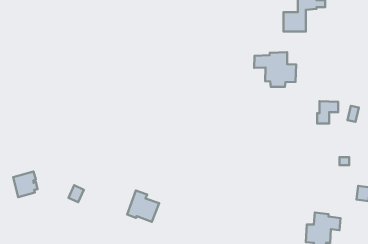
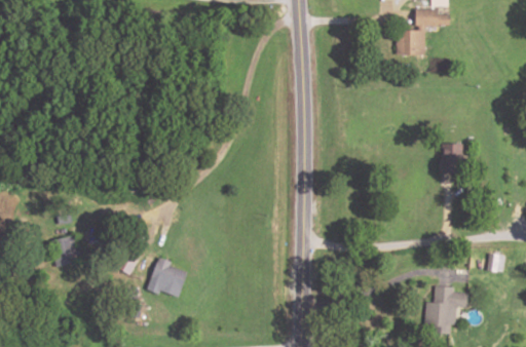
building: [254,52,296,87] -> none
building: [127,191,159,222] -> [146,257,187,297]

